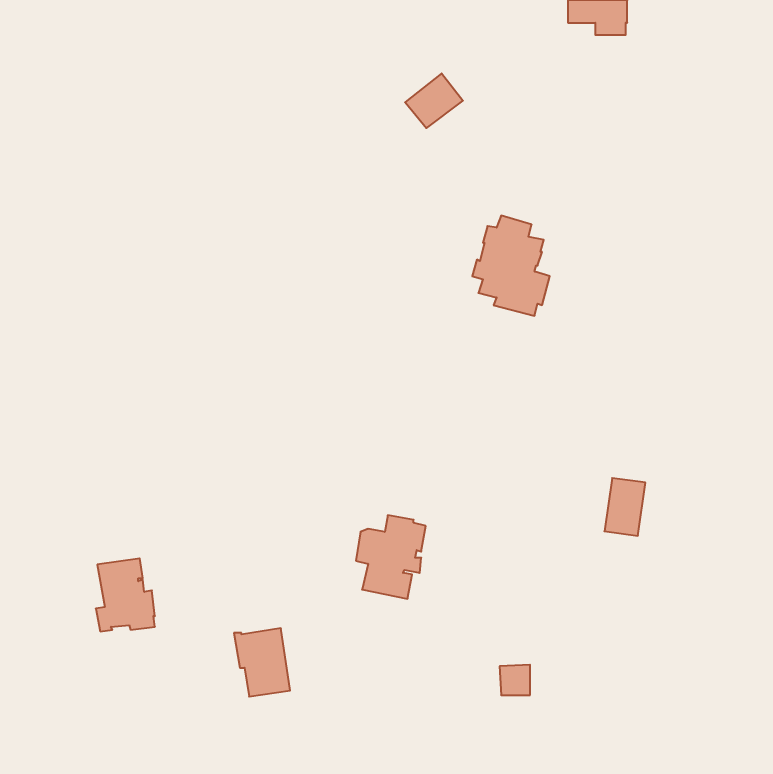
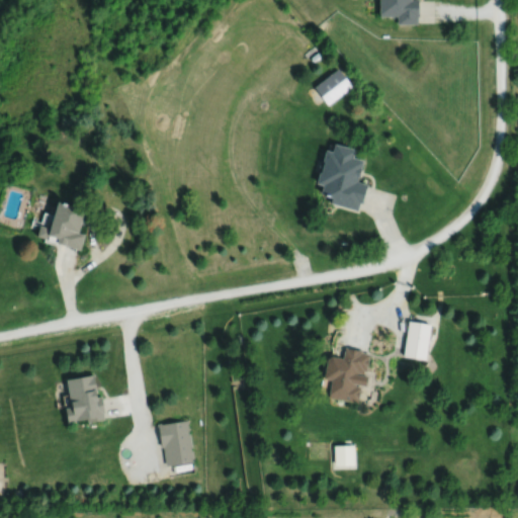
building: [405,73,463,128] -> [315,69,353,105]
building: none -> [37,204,86,251]
building: [356,515,426,599] -> [325,346,371,402]

